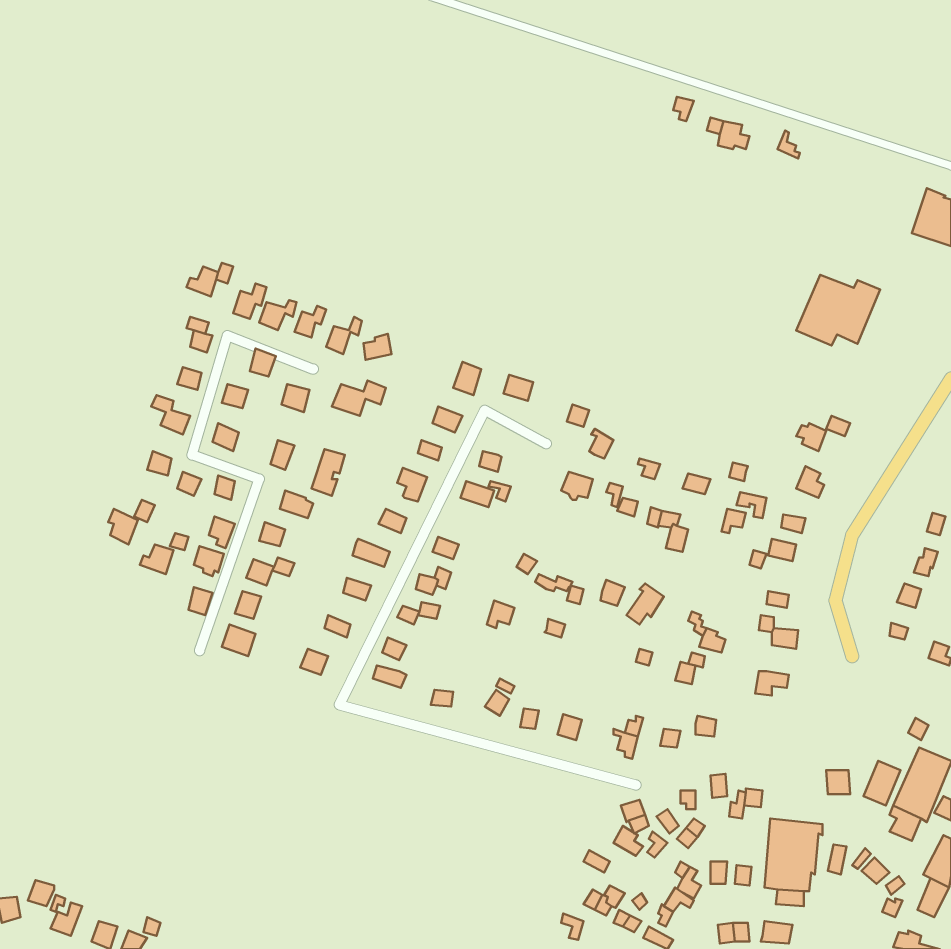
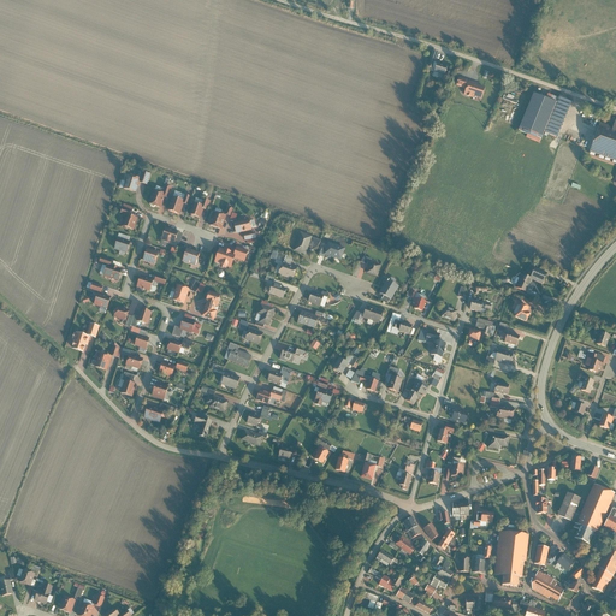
building: [796,275,880,346] -> [520,93,574,138]
building: none -> [531,569,564,599]

